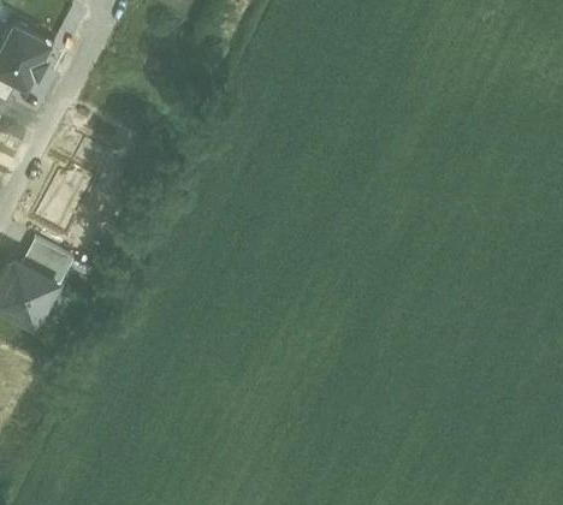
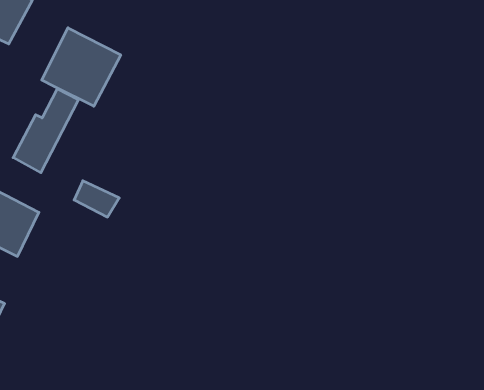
building: none -> [42,28,121,106]
building: [22,238,72,279] -> [74,181,119,217]

